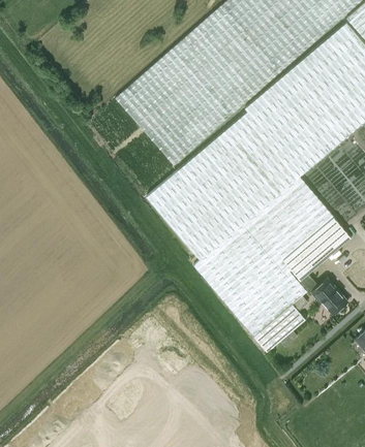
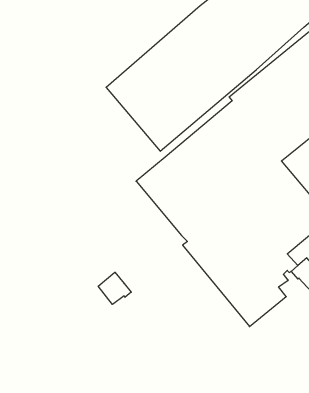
building: none -> [98,272,131,304]

